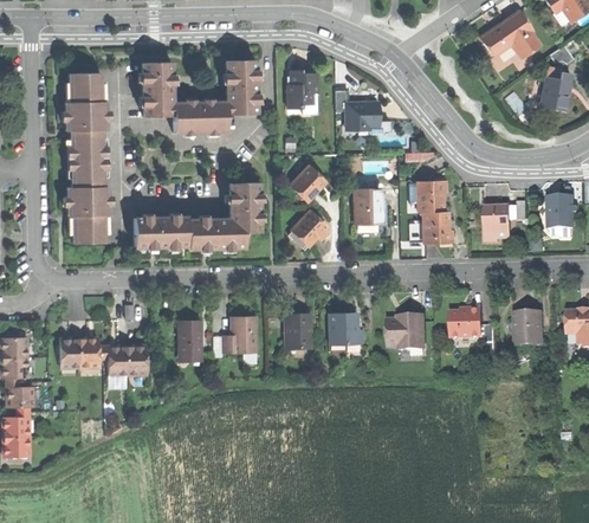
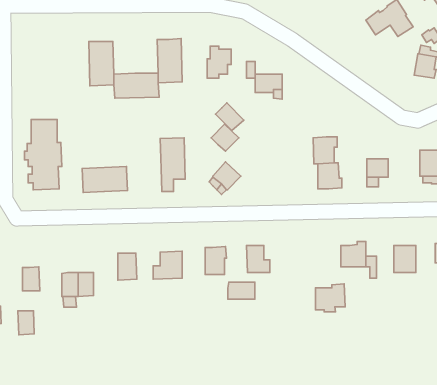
building: [60,72,106,157] -> none
building: none -> [215,103,244,131]
building: [354,187,380,222] -> none
building: [188,218,232,247] -> none
building: [389,316,426,350] -> [315,284,345,312]
building: [80,338,101,368] -> [18,311,34,335]
building: none -> [228,282,255,299]

